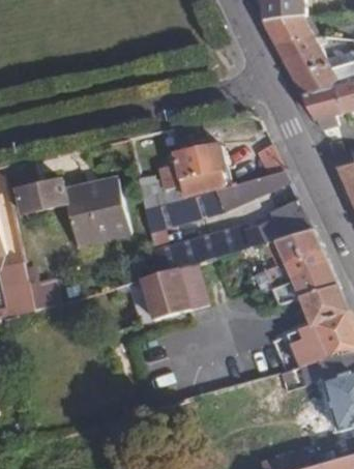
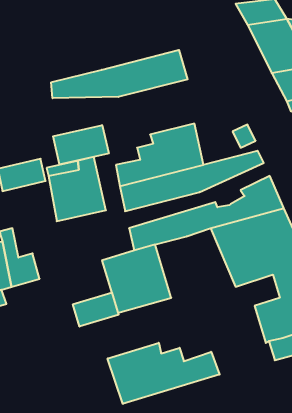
building: none -> [51,50,188,98]
building: none -> [53,125,109,165]
building: none -> [73,293,119,327]
building: none -> [108,343,220,404]

